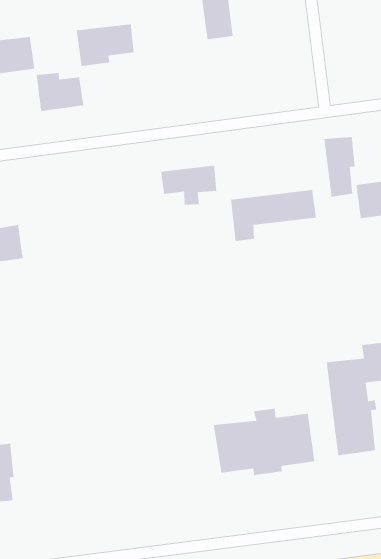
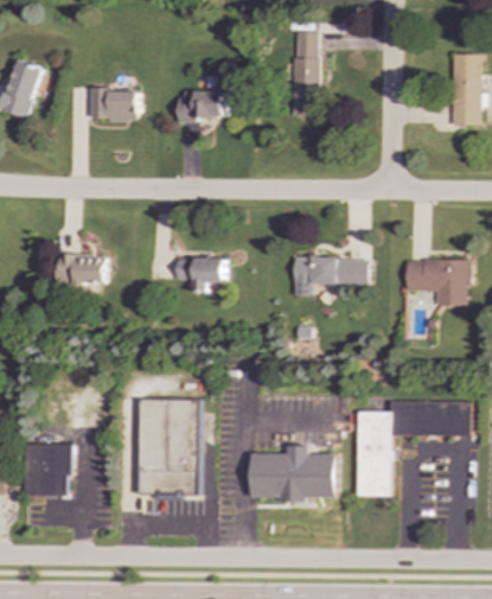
building: [36,72,84,112] -> none
building: [324,136,356,198] -> none
building: [160,165,217,206] -> [175,257,224,292]
building: none -> [139,397,198,499]

